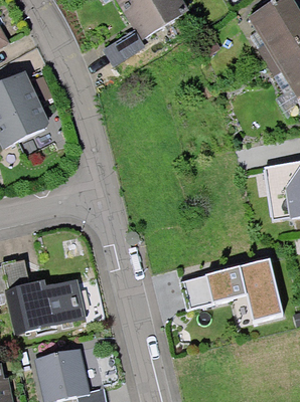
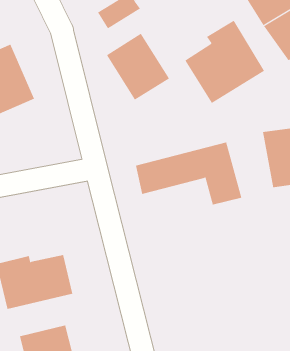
building: none -> [185,20,265,104]
building: none -> [106,33,170,101]
building: [184,253,288,315] -> [135,142,242,205]

